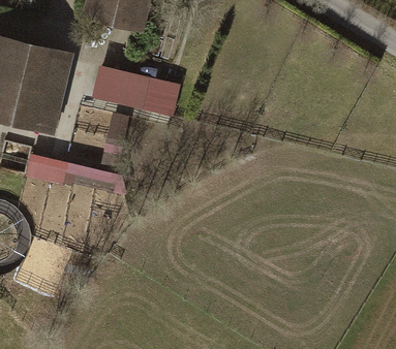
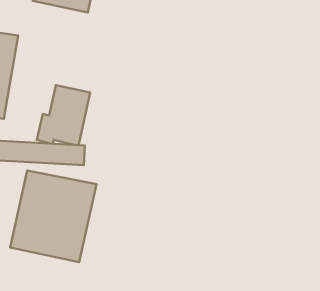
building: [97,65,184,109] -> none
building: none -> [10,170,96,262]

